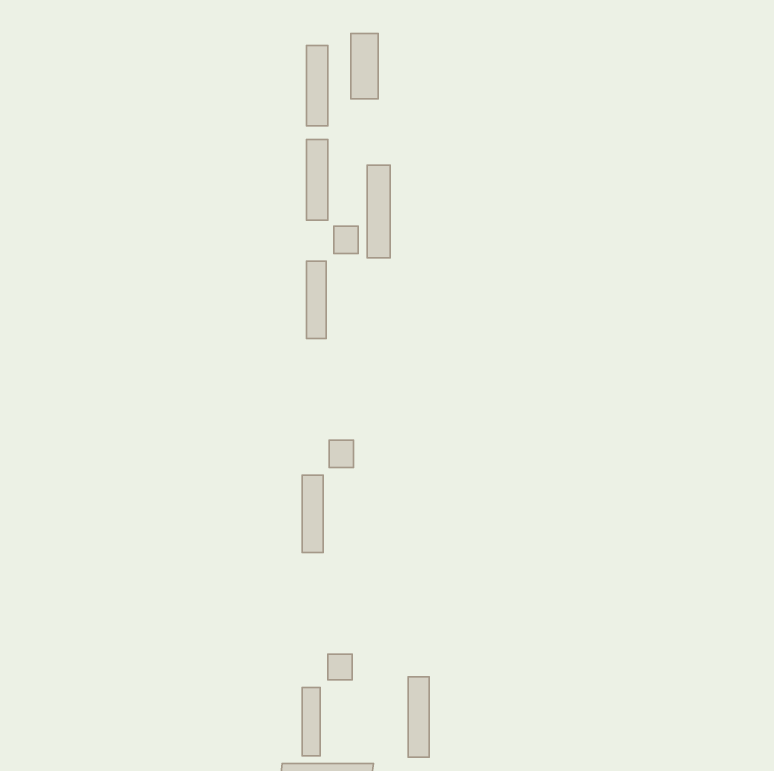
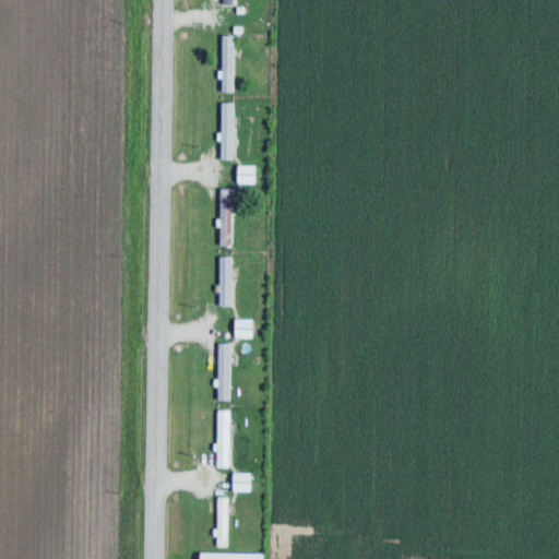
building: [351,34,378,99] -> none
building: [367,165,390,258] -> none
building: none -> [218,258,234,307]
building: [408,677,429,757] -> [217,412,233,469]

